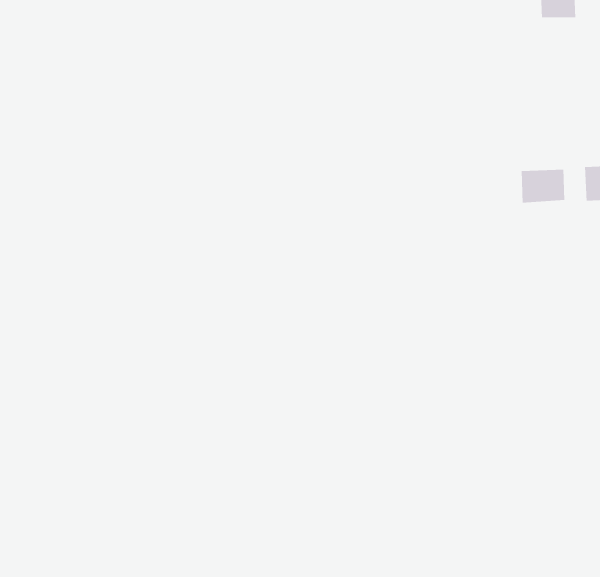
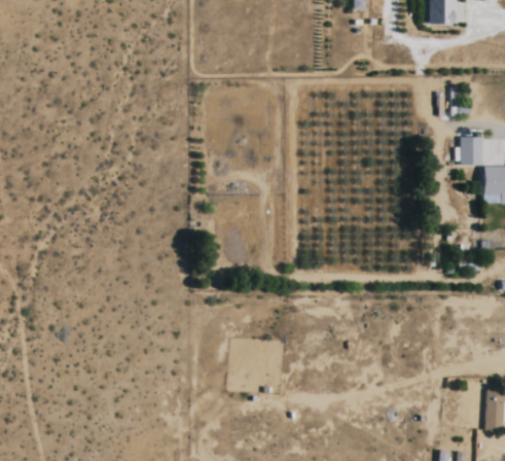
building: [521,169,565,204] -> none

